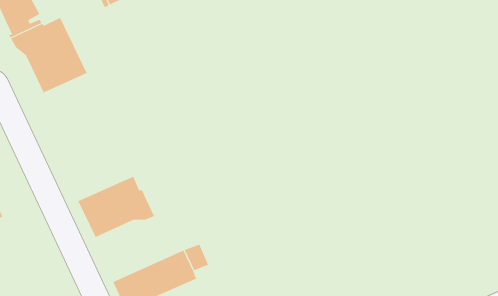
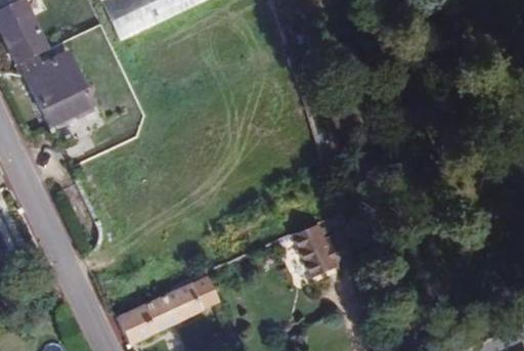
building: [78,176,155,238] -> none
building: none -> [296,224,356,274]

